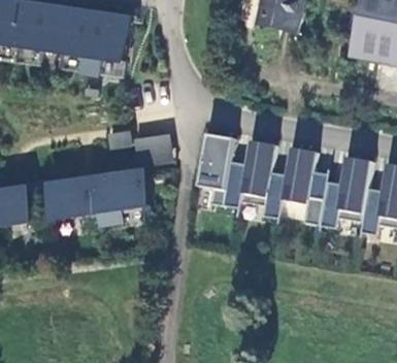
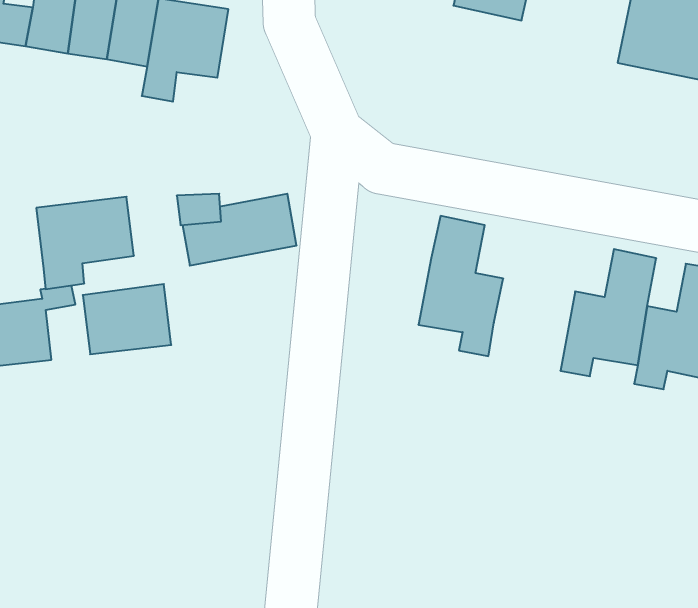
building: [195,132,243,207] -> none
building: [278,147,326,226] -> none
building: [94,171,148,223] -> [36,197,134,289]

